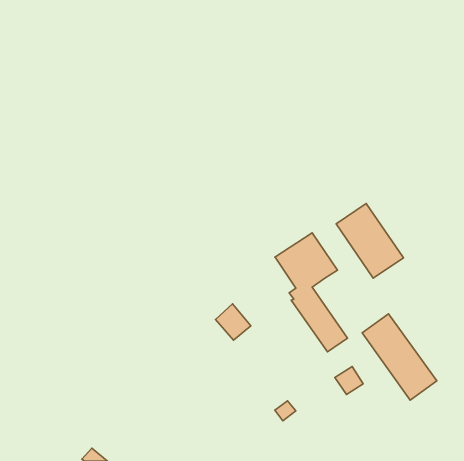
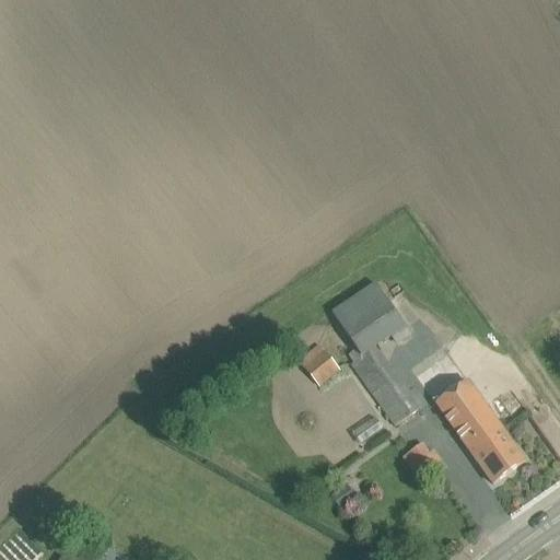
building: [336,203,403,278] -> none
building: [215,304,251,340] -> [296,341,339,385]

